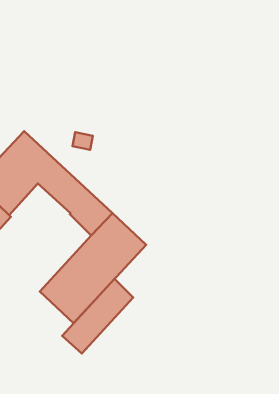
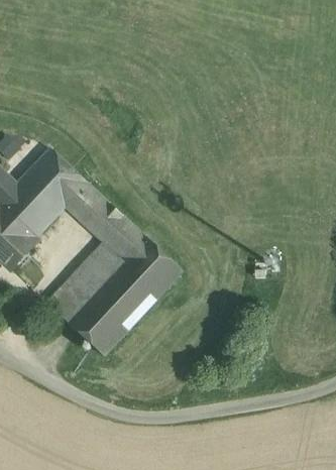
building: [62,279,133,353] -> [45,242,122,323]

